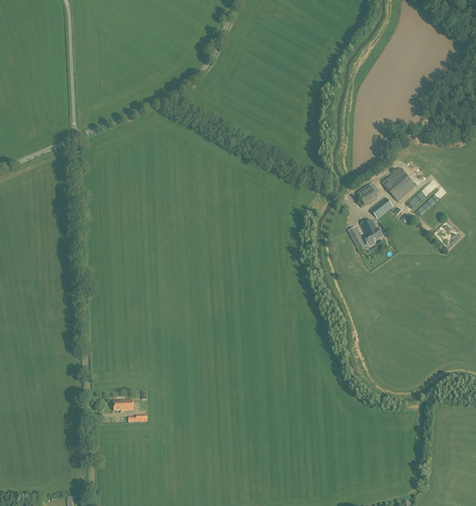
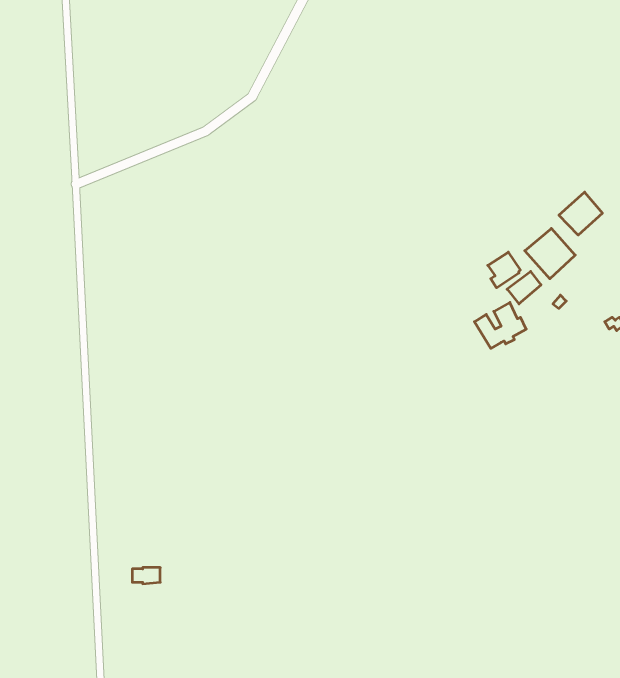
building: none -> [559,192,602,235]

